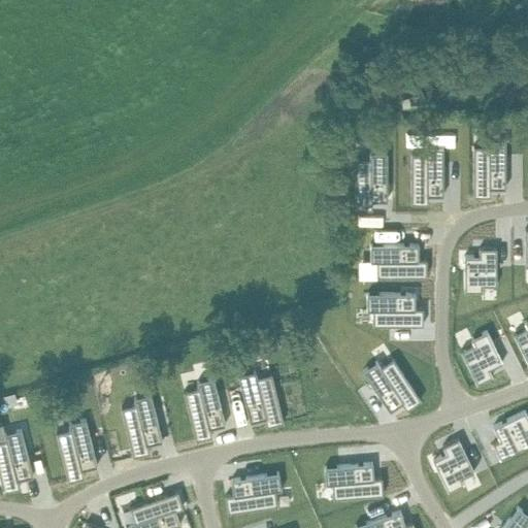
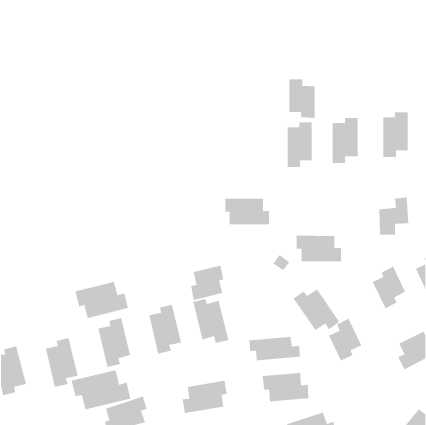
building: none -> [289,78,315,118]
building: [370,243,426,276] -> [225,198,270,225]
building: none -> [190,265,224,301]
building: none -> [75,281,128,319]
building: none -> [249,336,300,361]
building: [432,437,474,491] -> [328,318,362,361]
building: none -> [71,370,131,410]

